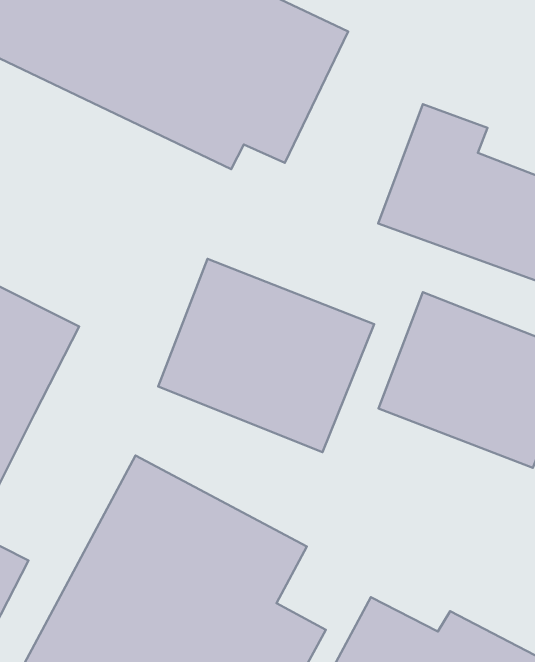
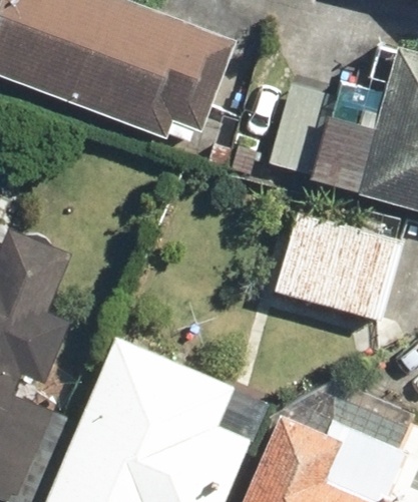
building: [158,259,374,452] -> none

